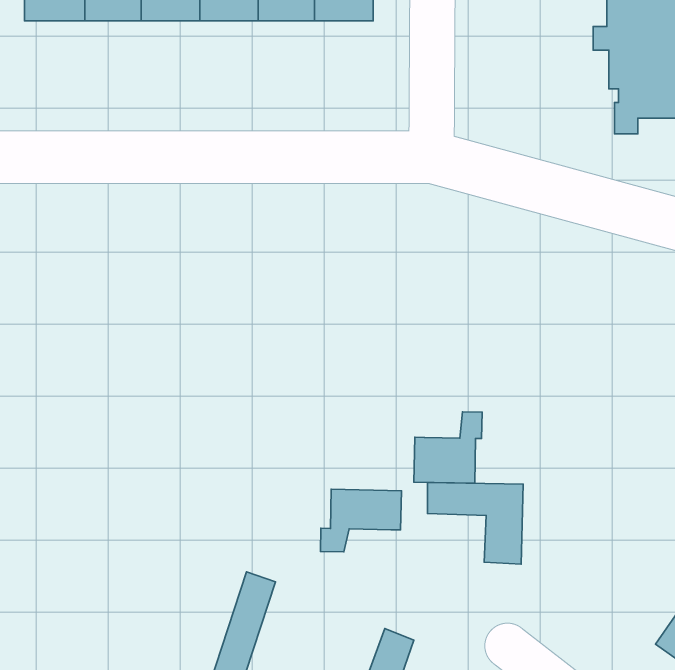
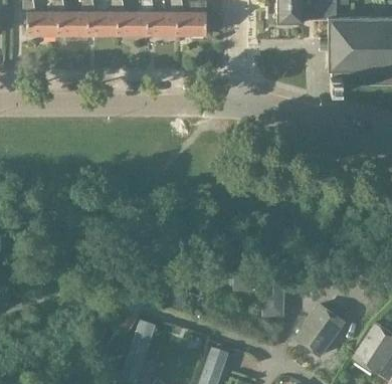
building: [414,412,482,483] -> none
building: [321,489,401,552] -> none
building: none -> [297,305,344,355]

